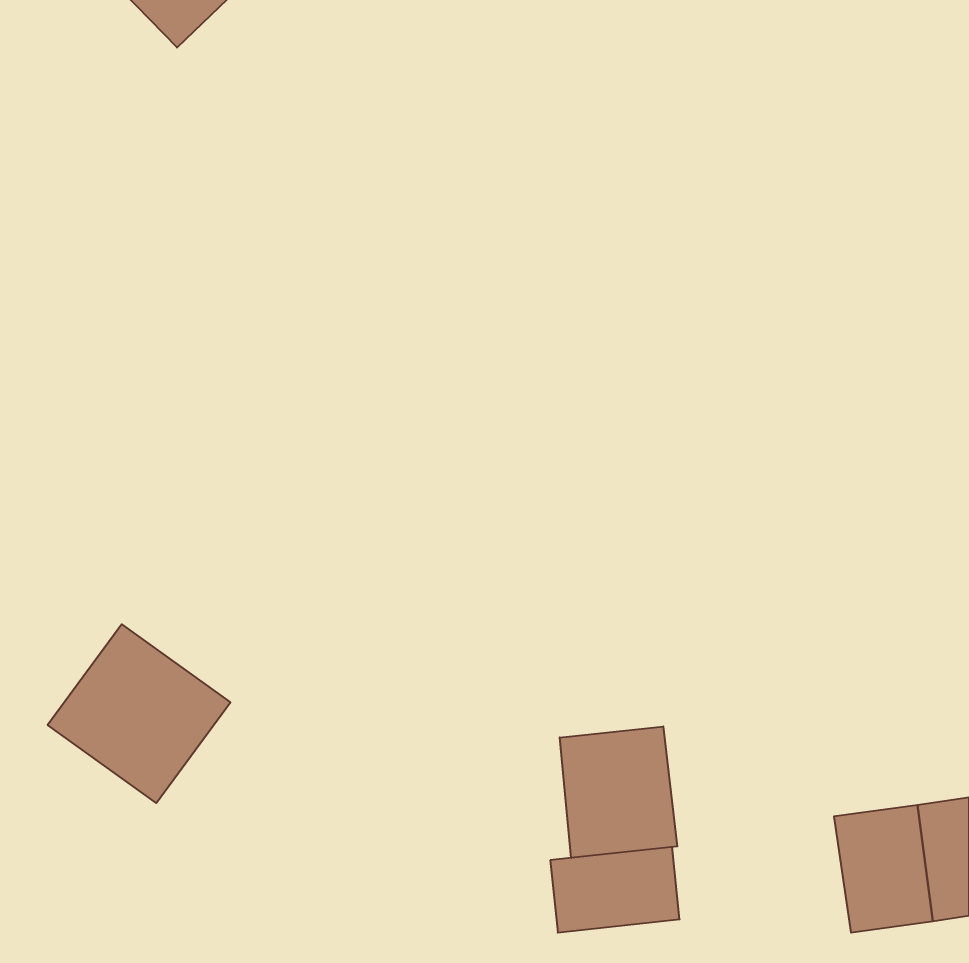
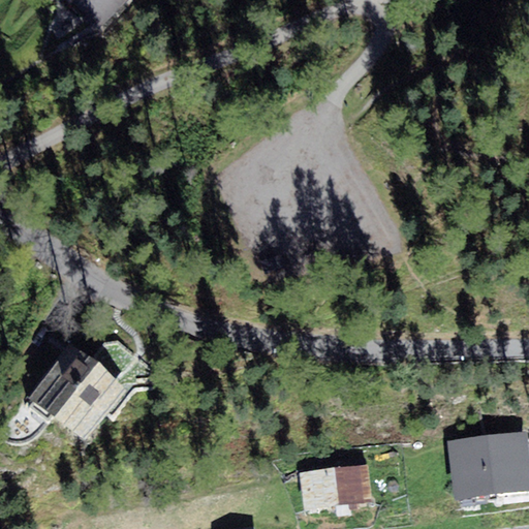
building: [560,726,677,858] -> none

